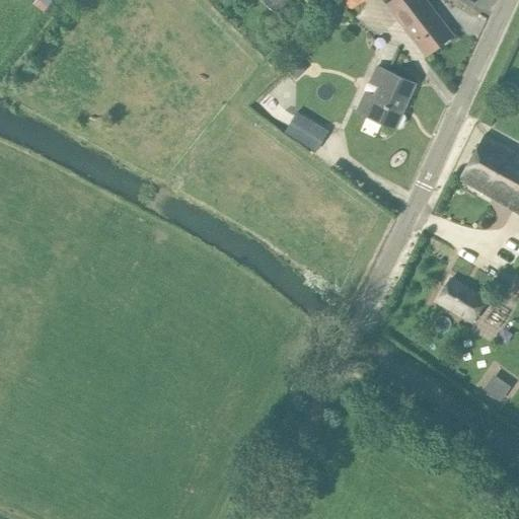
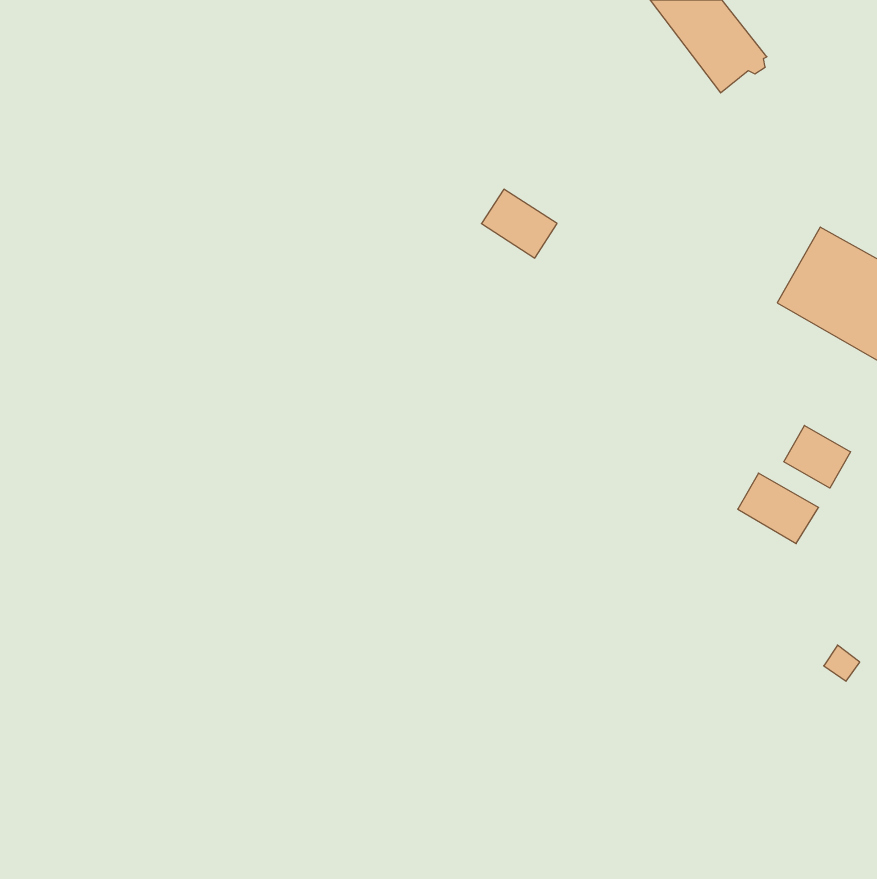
building: [357,65,416,127] -> none
building: none -> [784,425,851,488]

